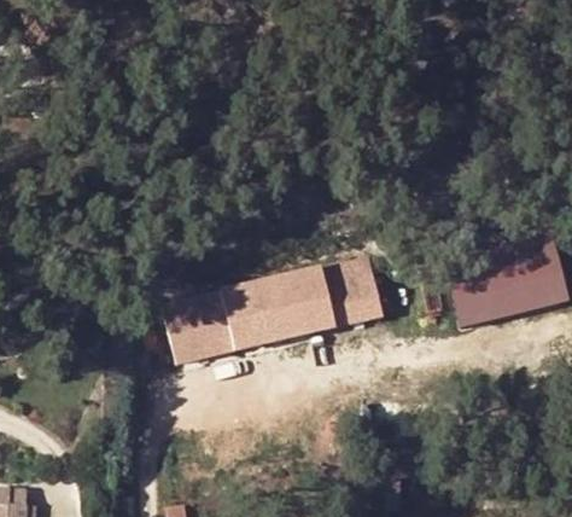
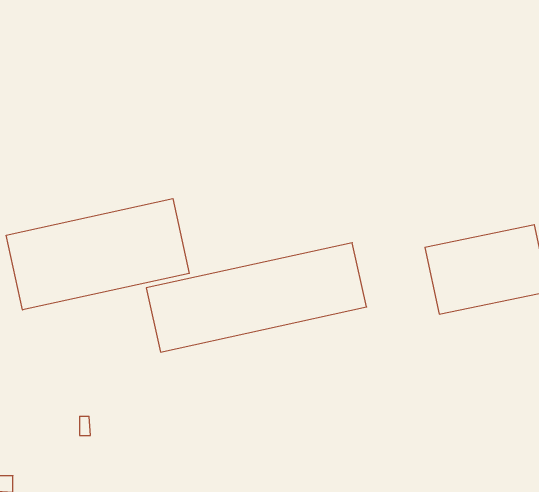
building: none -> [6,199,189,310]

